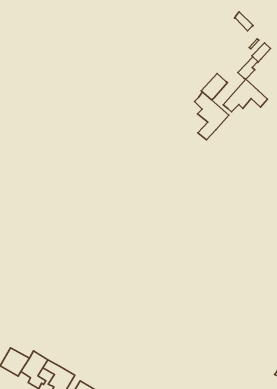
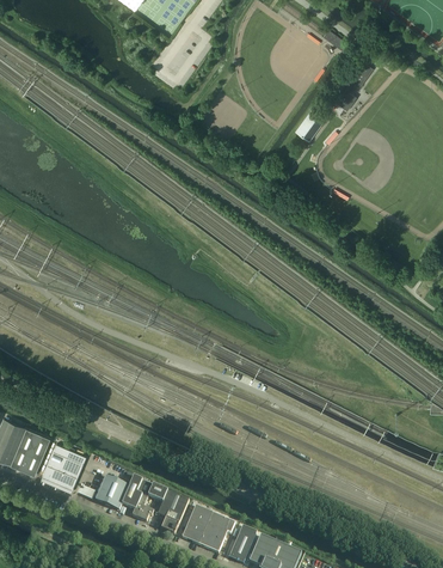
building: [223,79,267,112] -> none
building: [195,92,229,140] -> none

